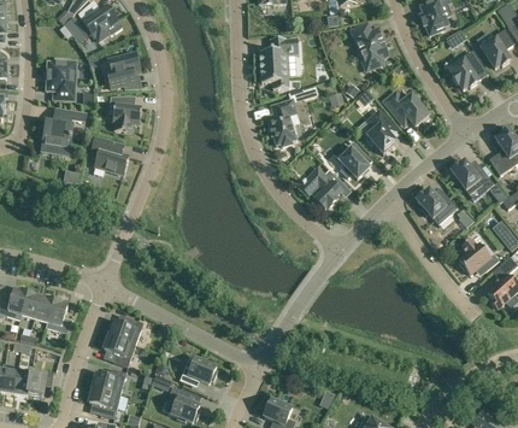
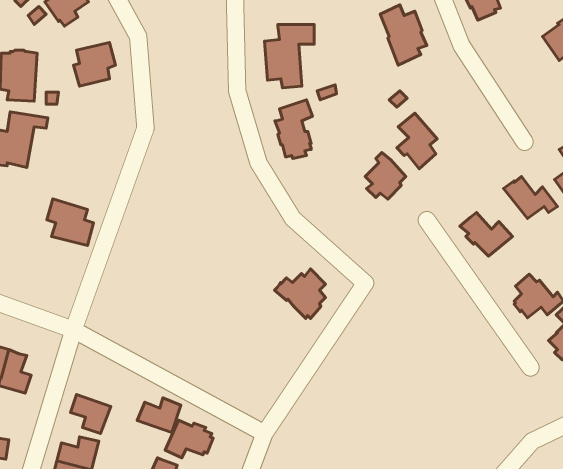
building: [448,51,481,89] -> none
building: [382,90,429,127] -> none
building: [108,95,141,131] -> none
building: [90,136,128,174] -> [47,199,94,245]
building: [299,169,340,209] -> [274,269,325,319]
building: [107,317,142,345] -> [137,398,181,432]

